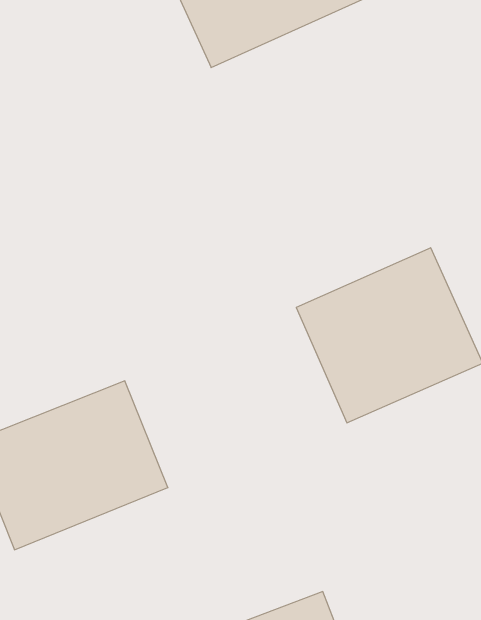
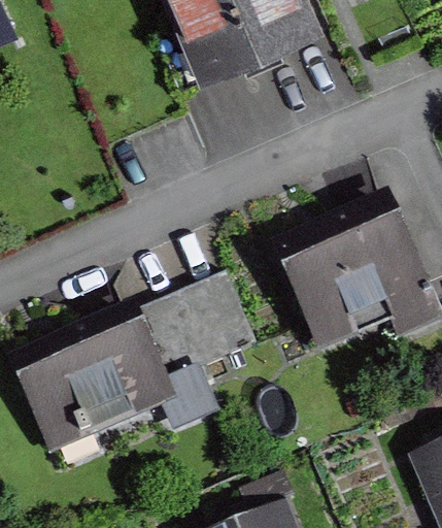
building: none -> [160,267,276,376]

